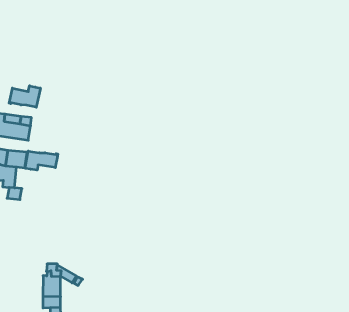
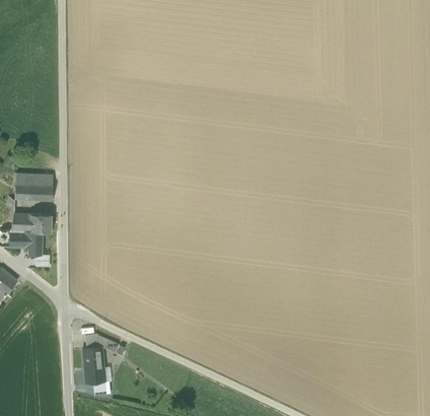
building: [9,86,40,107] -> none
building: [25,151,58,170] -> none

